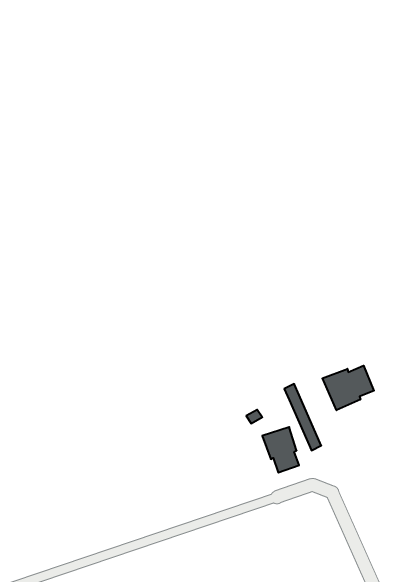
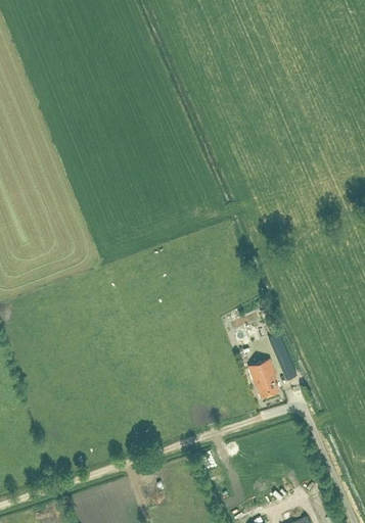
building: [322,366,374,410] -> none

